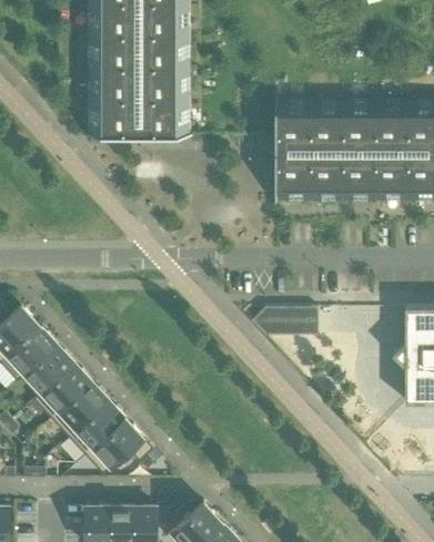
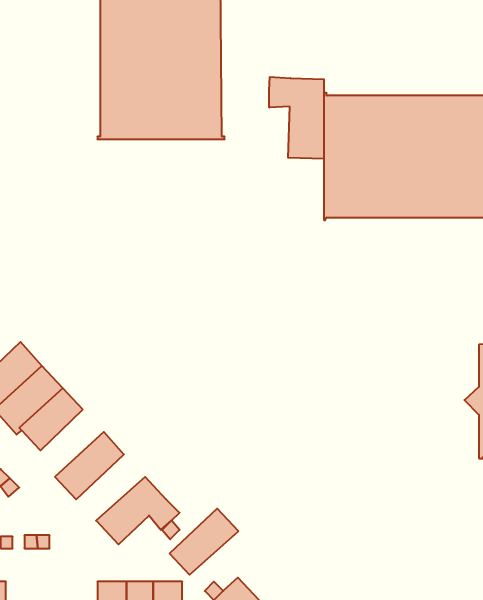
building: none -> [269,77,324,159]
building: [252,307,313,335] -> none
building: [32,361,91,418] -> none
building: [68,399,125,454] -> [170,509,238,575]

